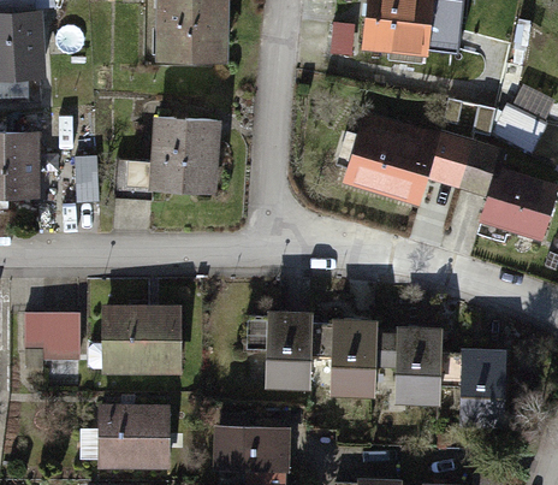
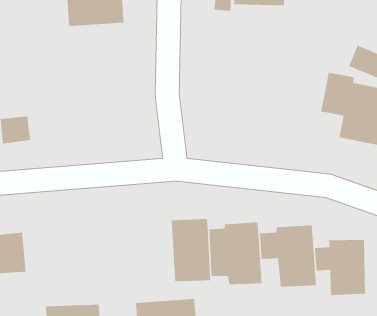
building: [344,112,474,208] -> none
building: [125,114,216,191] -> none
building: [106,307,183,377] -> none

